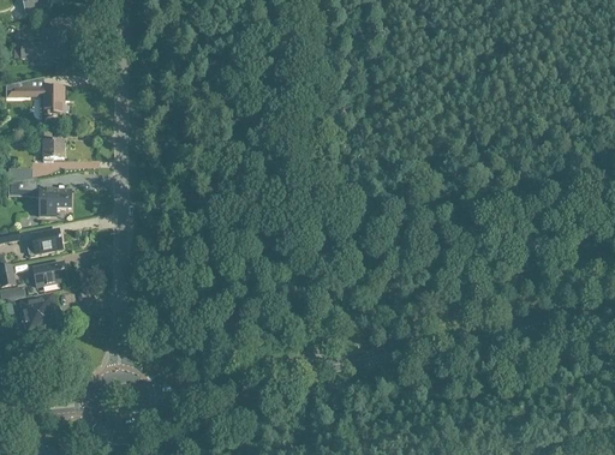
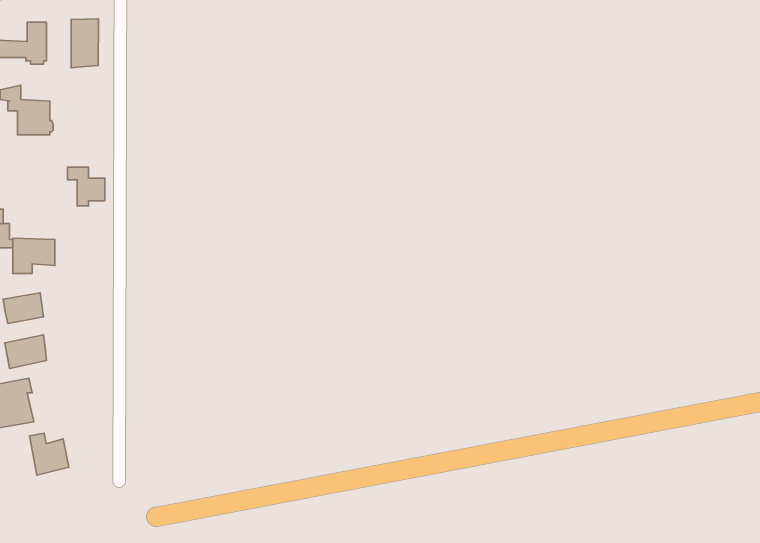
building: none -> [71,19,98,68]
building: [34,130,61,158] -> [68,167,105,206]
building: none -> [29,433,69,475]

